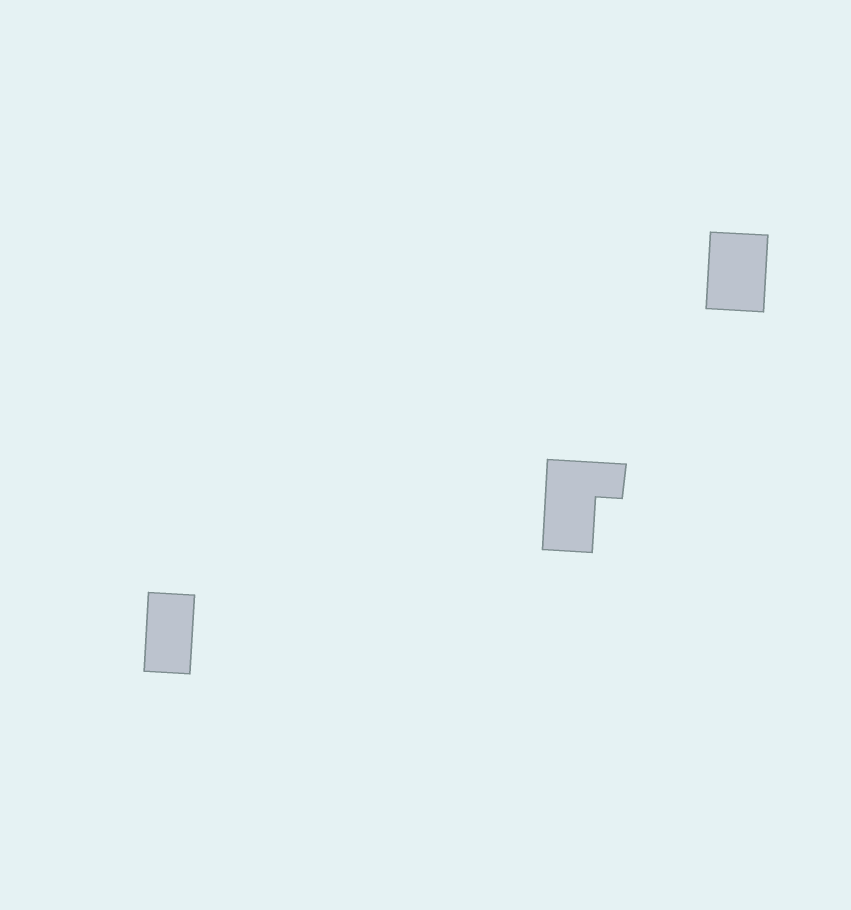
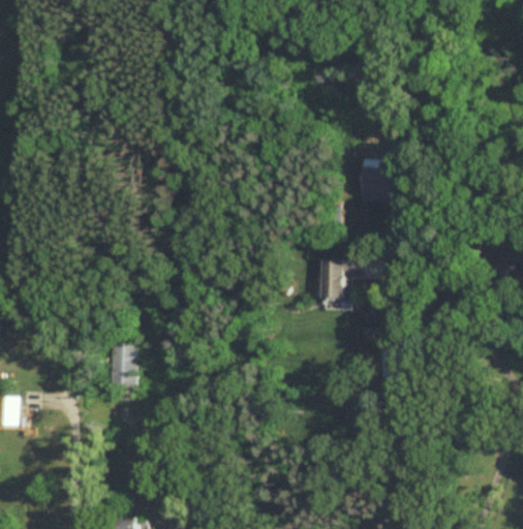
building: [706,232,768,312] -> [362,160,393,201]

